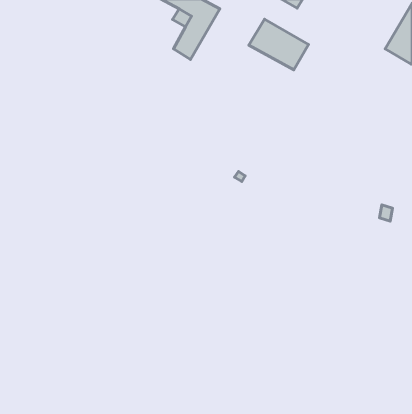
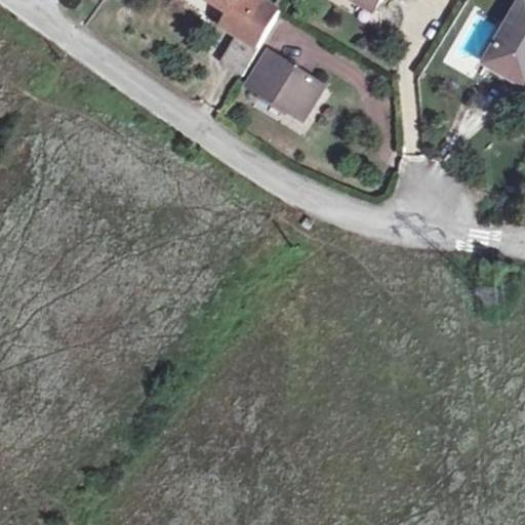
building: [249,19,308,70] -> [247,53,322,117]

